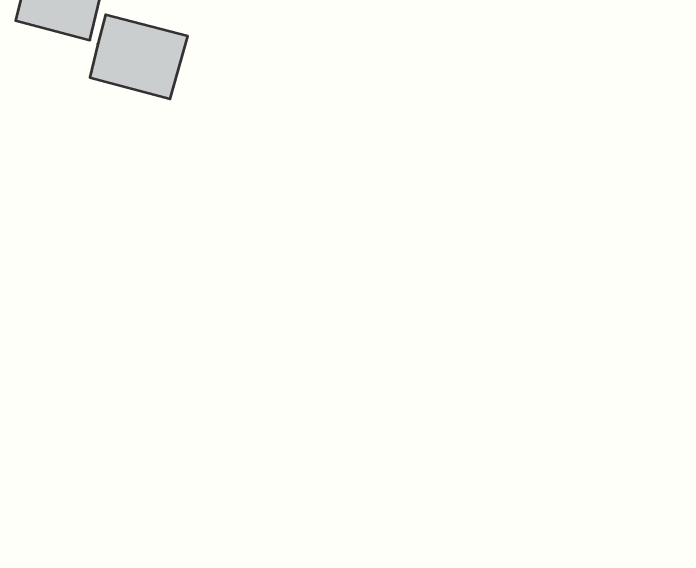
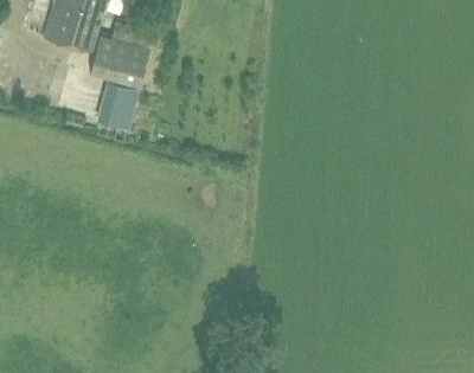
building: none -> [98,83,136,127]

